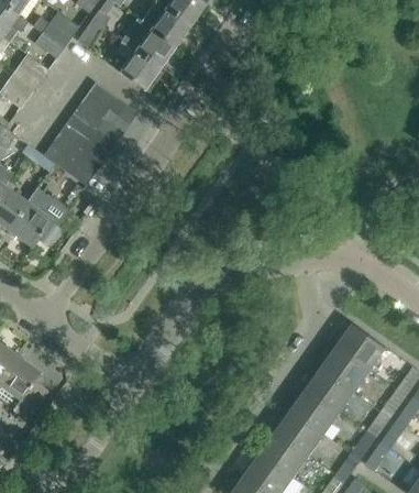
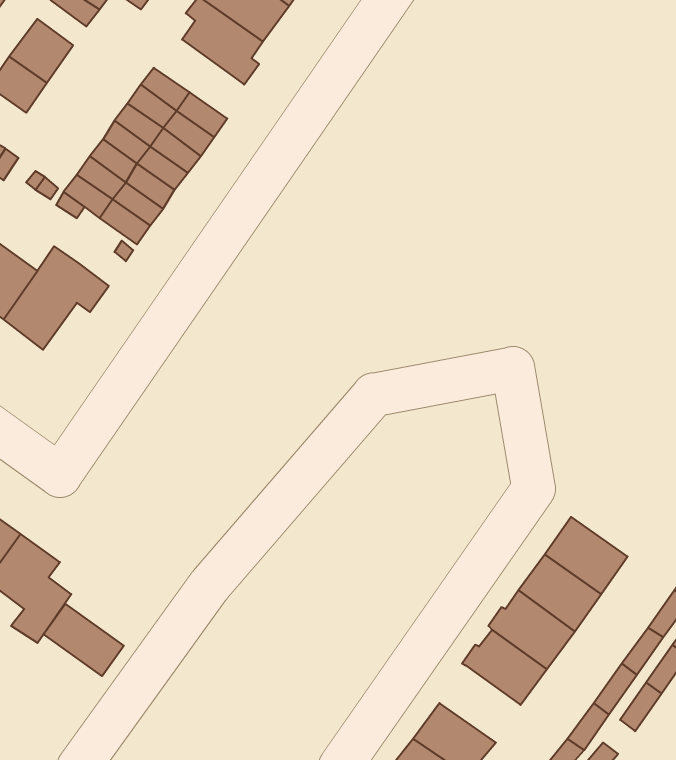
building: [339,324,387,369] -> none
building: none -> [43,604,124,676]
building: [260,432,309,478] -> none

